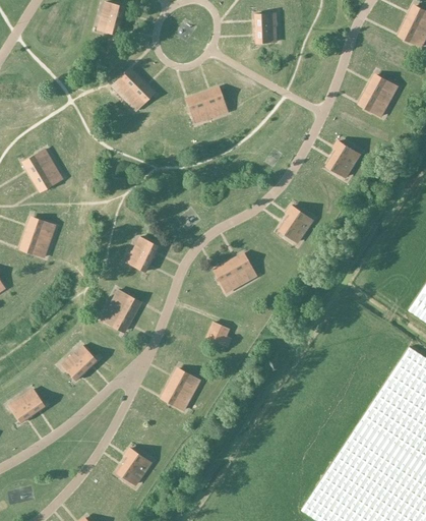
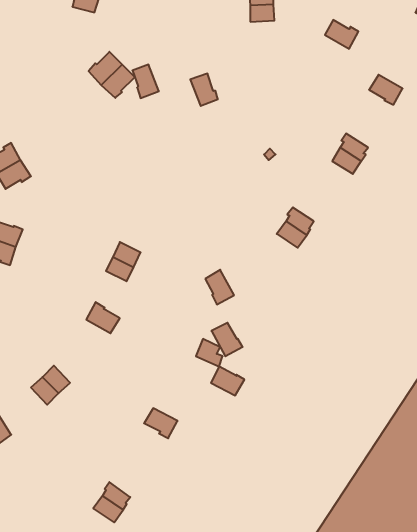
building: [367,76,397,102] -> [325,20,358,49]
building: [187,94,210,123] -> [132,65,159,98]
building: [228,254,255,284] -> [211,323,243,356]
building: [102,305,131,331] -> none
building: [169,369,198,395] -> [211,367,244,395]

